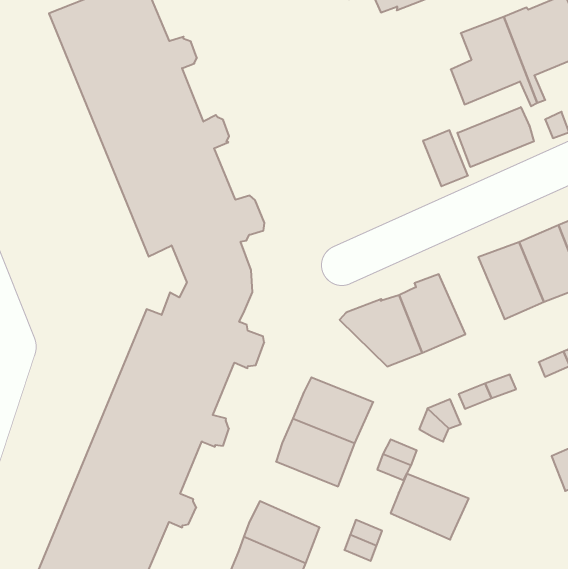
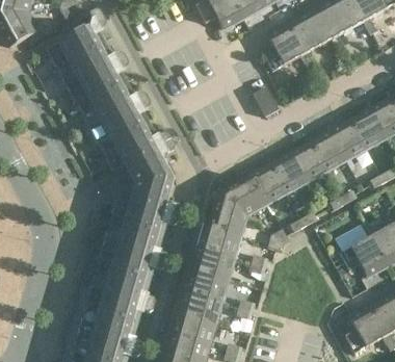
building: [457,107,534,167] -> none
building: none -> [269,152,307,193]
building: none -> [208,193,247,235]
building: [391,474,469,540] -> [188,273,229,305]

